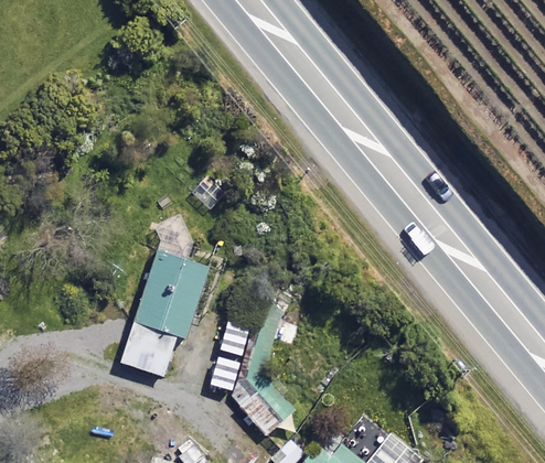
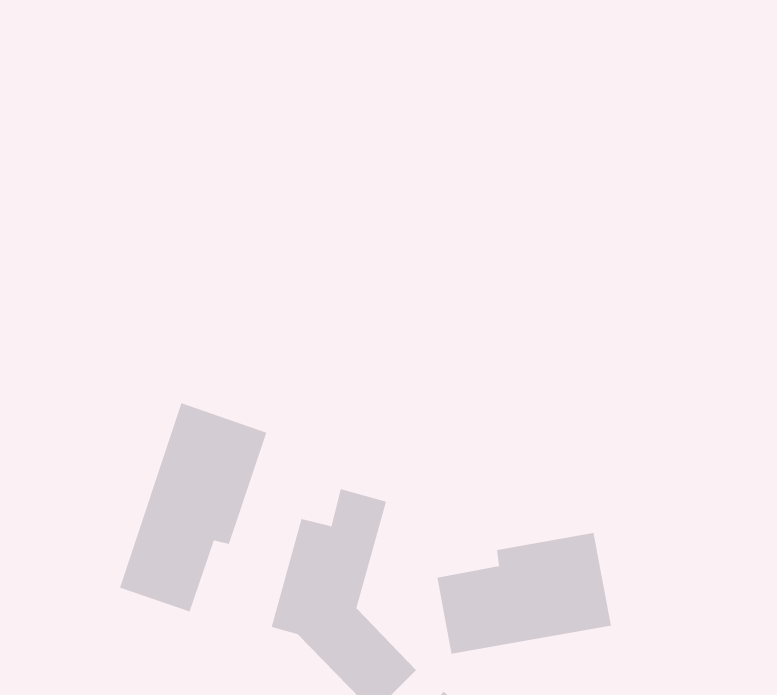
building: none -> [437,532,612,655]

